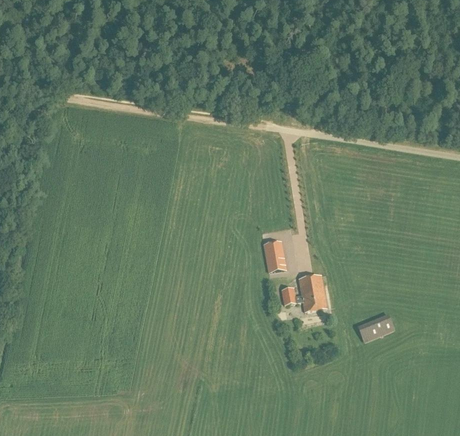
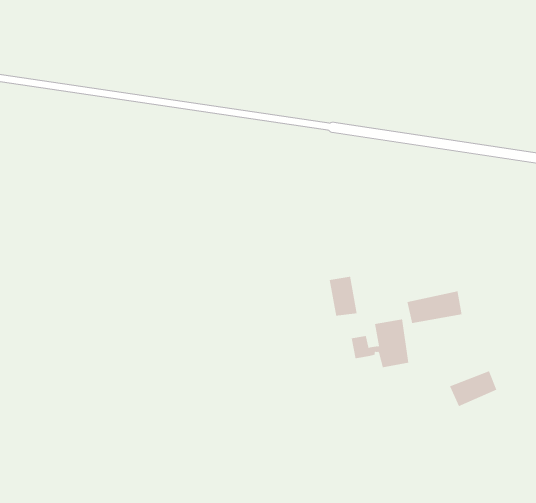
building: none -> [407,290,462,324]

